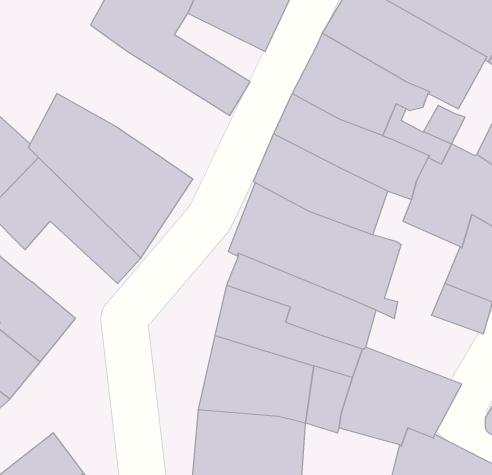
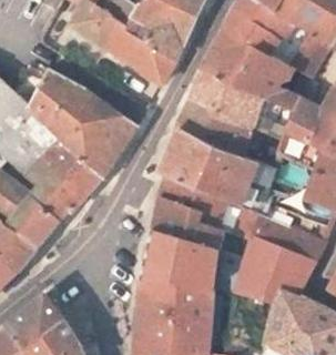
building: none -> [125,17,185,62]
building: none -> [27,154,88,219]
building: none -> [252,213,325,262]

